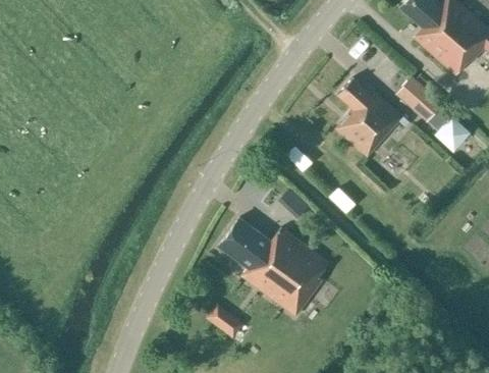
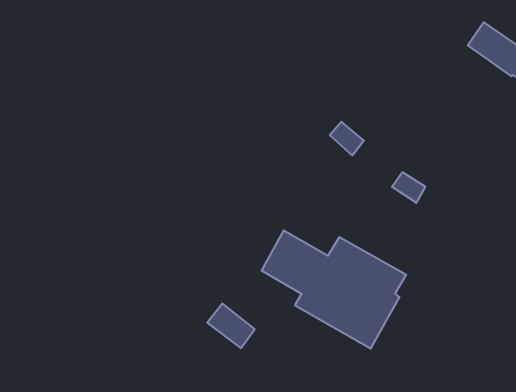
building: [335,77,410,157] -> none
building: [205,301,240,336] -> [207,304,255,348]

